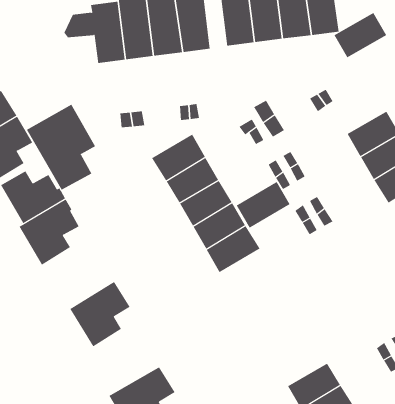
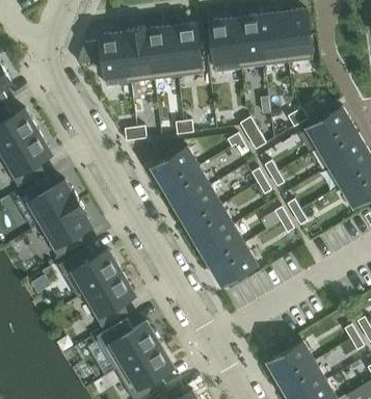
building: [334,12,387,58] -> [308,106,353,145]
building: [26,104,96,190] -> none
building: [236,181,290,229] -> [210,243,257,284]
building: none -> [58,246,121,297]
building: none -> [97,318,159,369]

